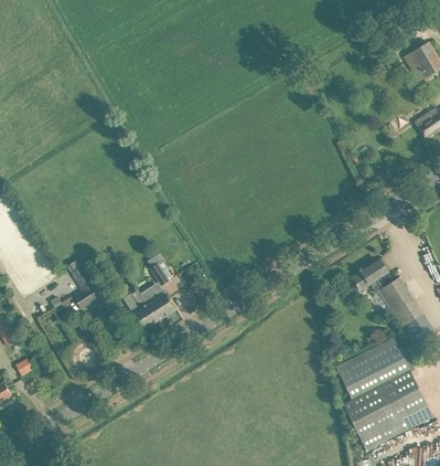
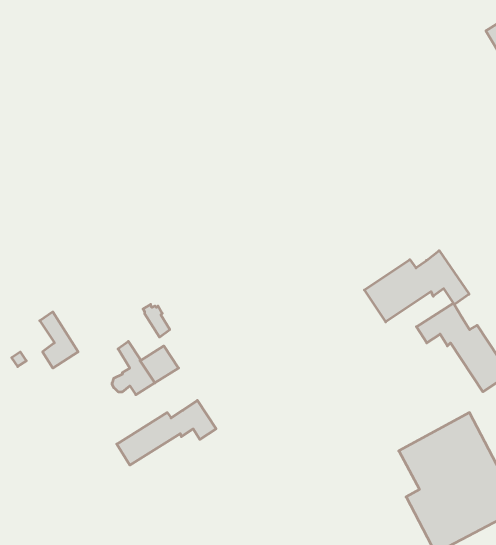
building: none -> [364,251,469,322]
building: none -> [117,400,216,465]

